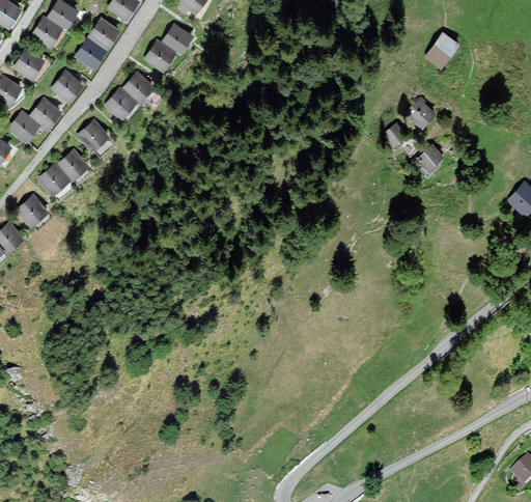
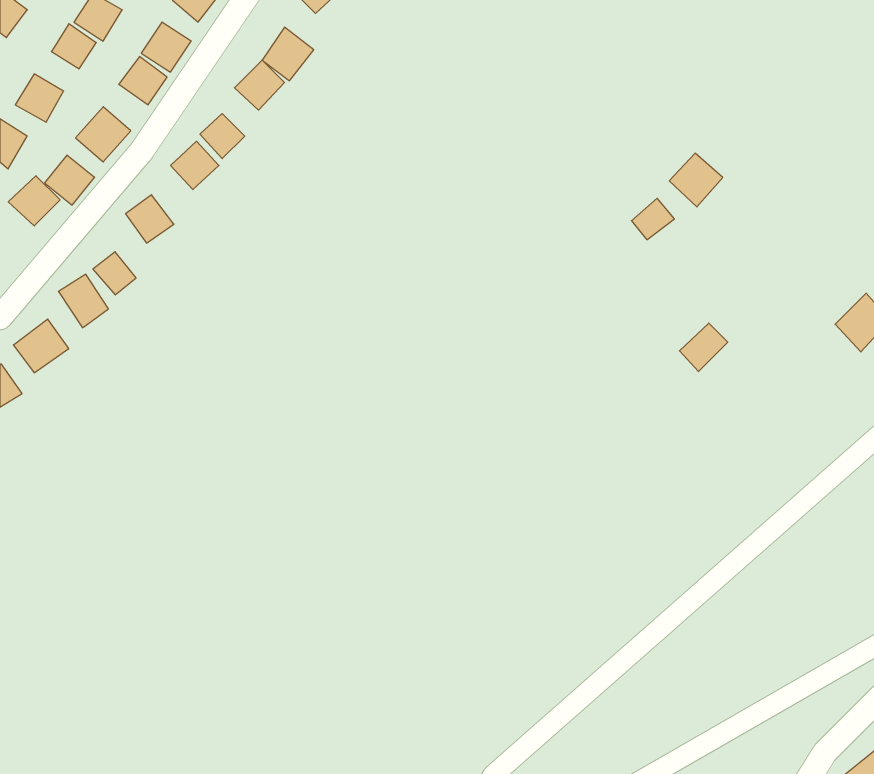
building: [424,32,460,69] -> none
building: [416,145,445,174] -> [679,323,728,372]

